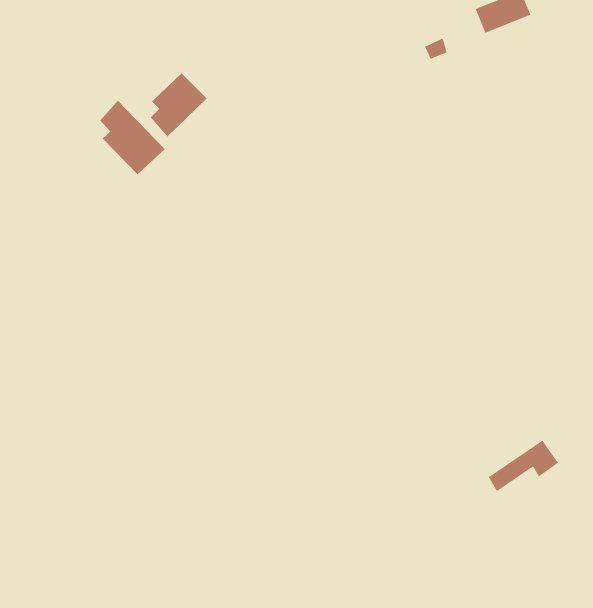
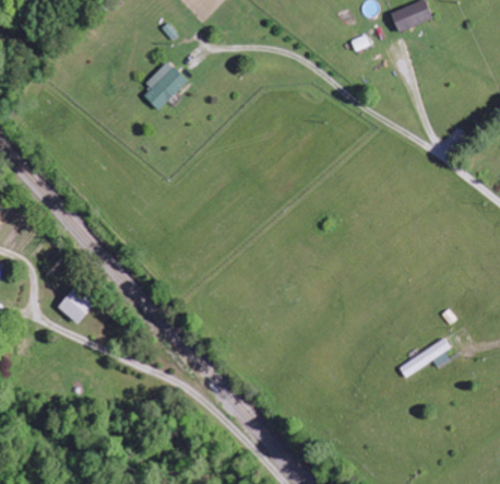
building: [99,100,165,175] -> none
building: none -> [57,286,94,322]

